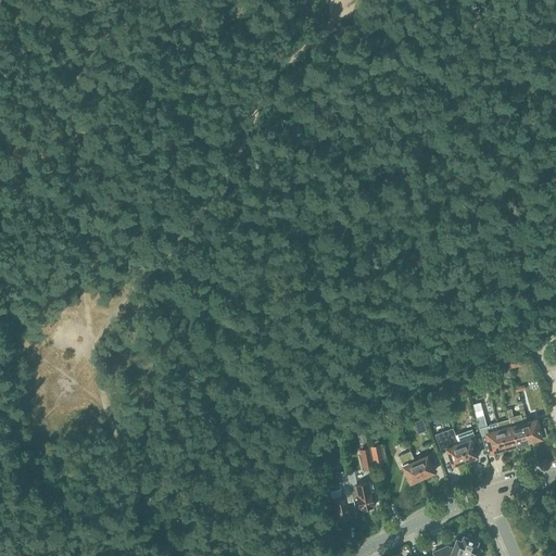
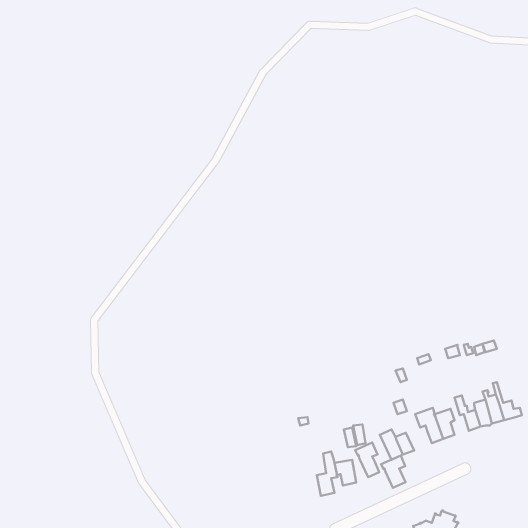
building: none -> [355,442,379,477]
building: none -> [381,455,405,488]

